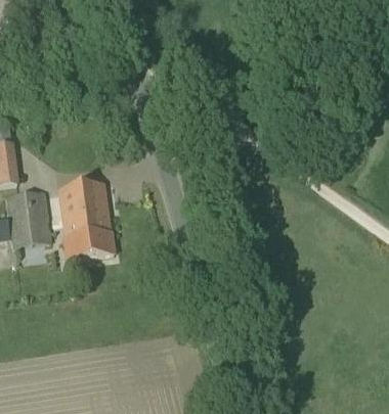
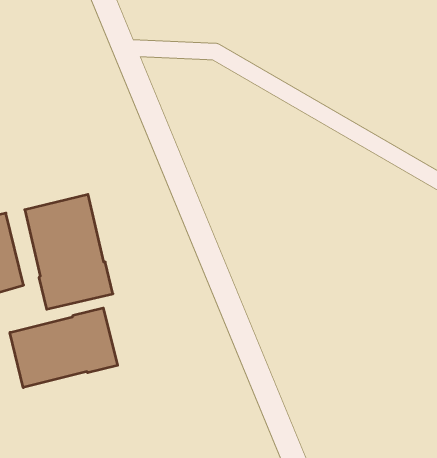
building: none -> [10,308,118,388]

